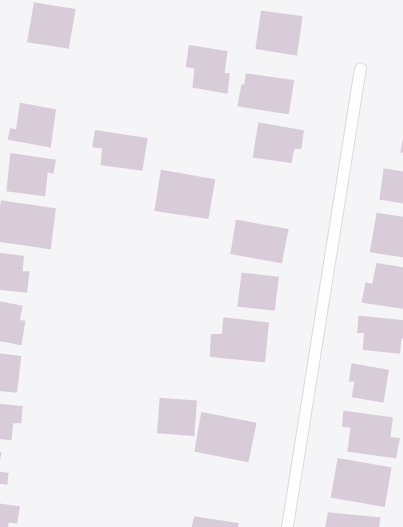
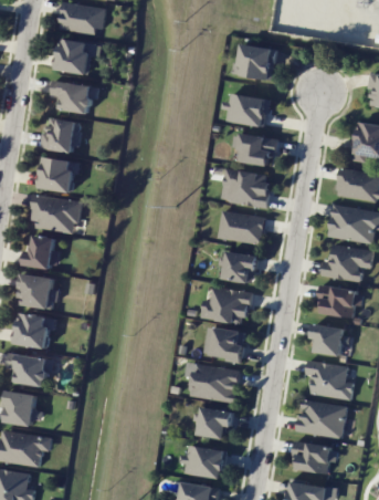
building: [185,44,231,95] -> none
building: [91,129,149,171] -> [50,81,95,114]
building: [153,169,216,219] -> [219,168,269,208]
building: [156,397,198,436] -> [210,329,243,360]
building: none -> [197,408,232,439]

